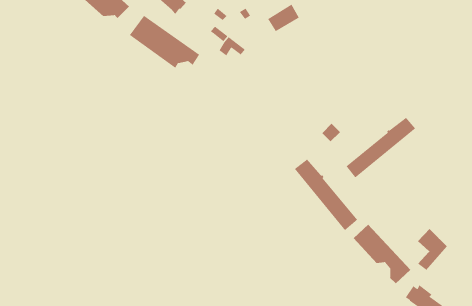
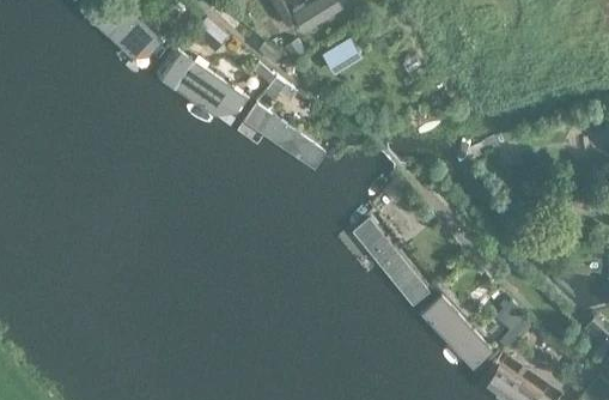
building: none -> [246,105,327,170]
building: [345,117,416,178] -> none

